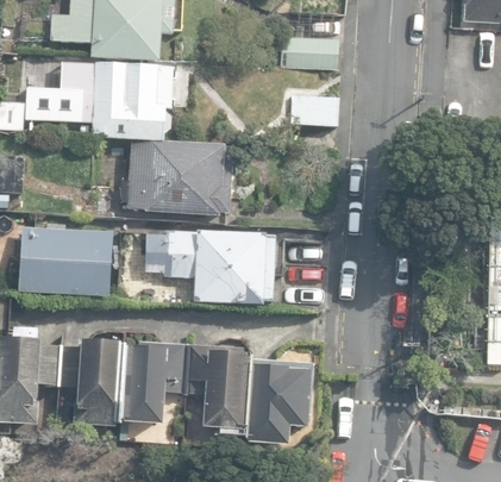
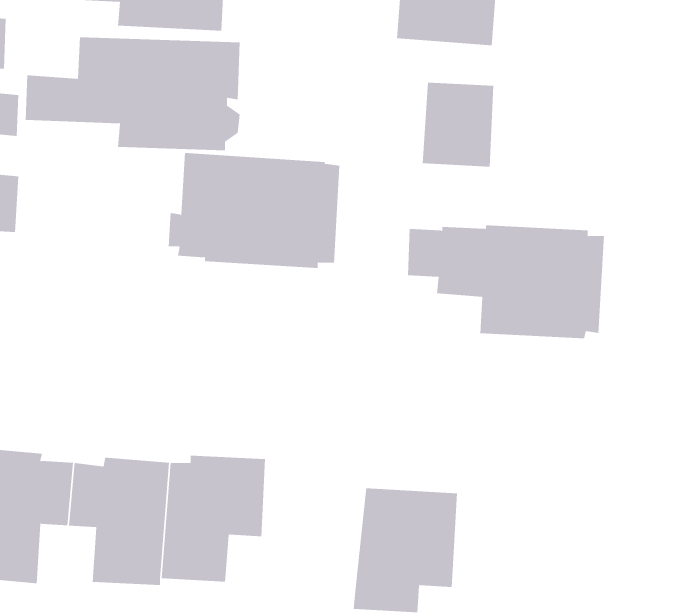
building: [19,226,112,295] -> none
building: [145,230,275,305] -> [407,225,605,339]
building: [186,342,255,428] -> none

